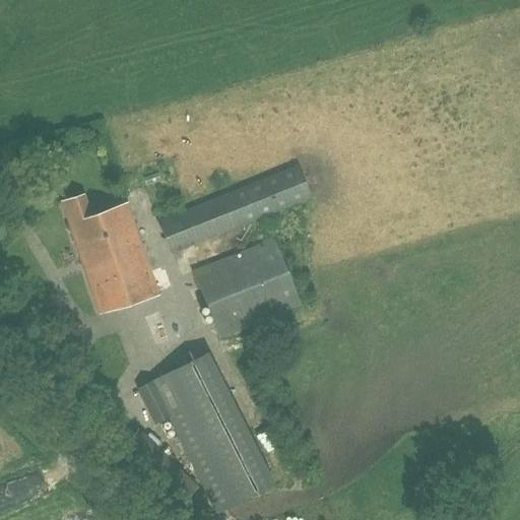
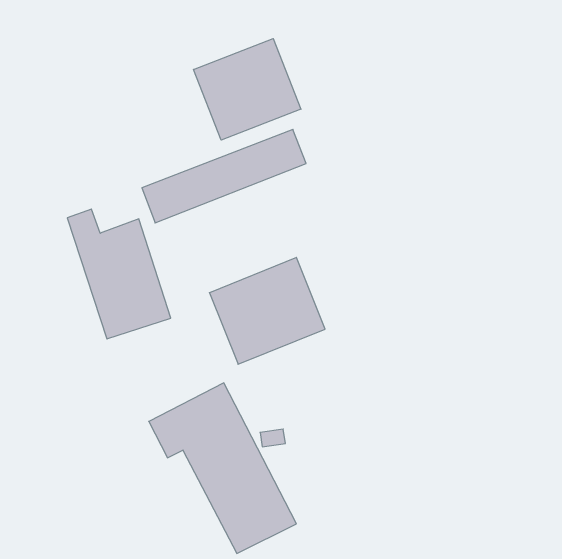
building: none -> [194,39,301,140]
building: [159,166,311,252] -> [142,129,306,223]

